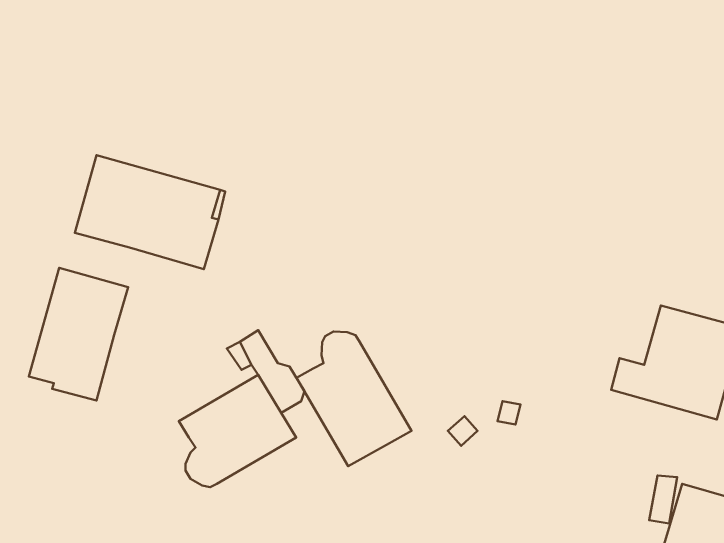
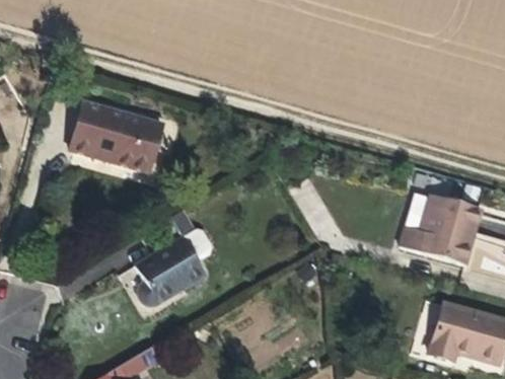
building: [29,268,128,400] -> none
building: [296,331,412,466] -> none

